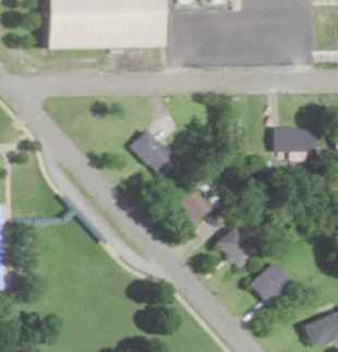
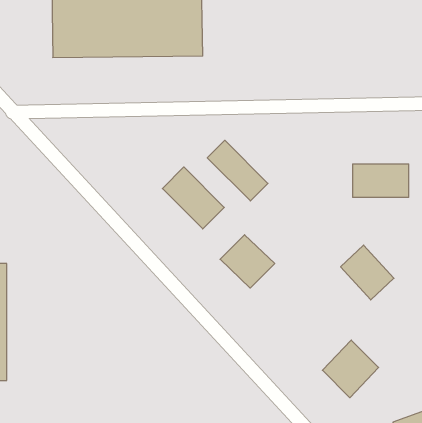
building: none -> [207,140,268,201]
building: [219,227,259,268] -> [341,245,394,300]

